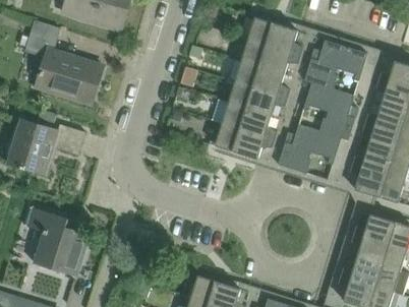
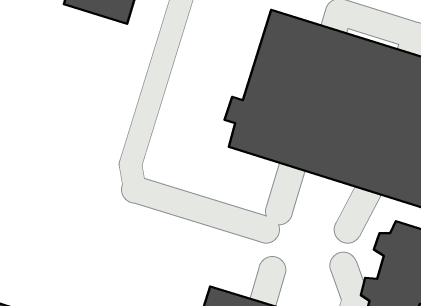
building: [24,20,101,104] -> none
building: [7,120,84,174] -> none
building: [23,206,89,277] -> none

